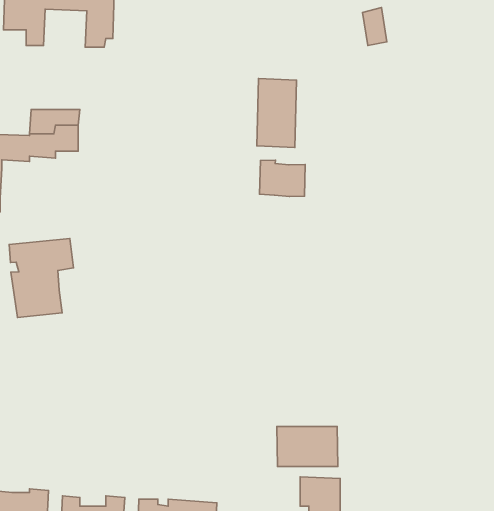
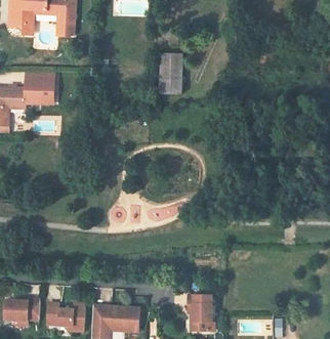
building: [260,160,305,197] -> none
building: [9,239,73,318] -> none
building: [277,427,338,467] -> none

